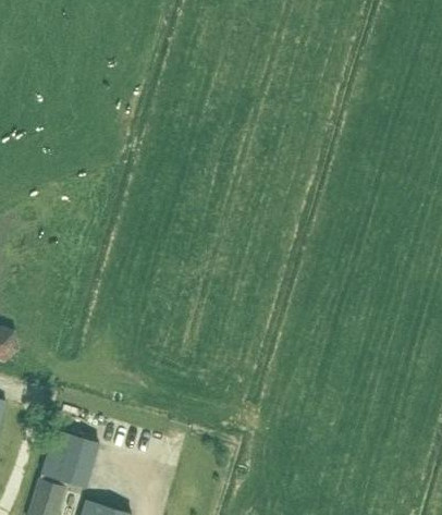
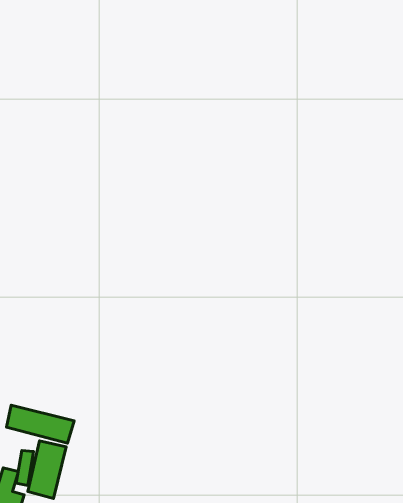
building: none -> [6,405,74,443]

